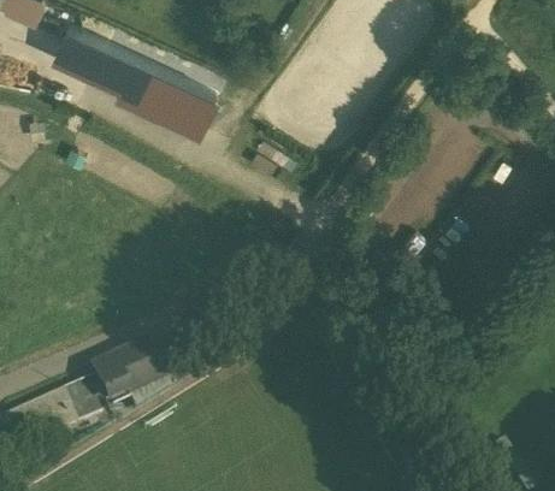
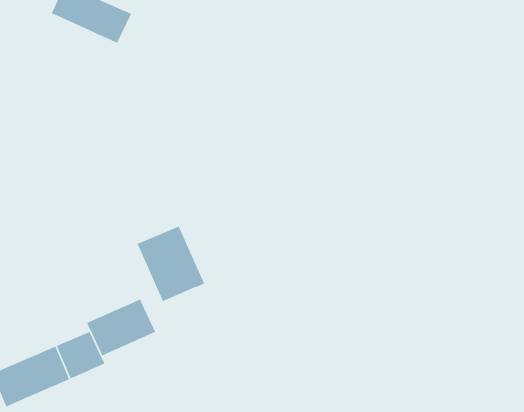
building: [124,57,223,130] -> none
building: none -> [137,225,205,302]

